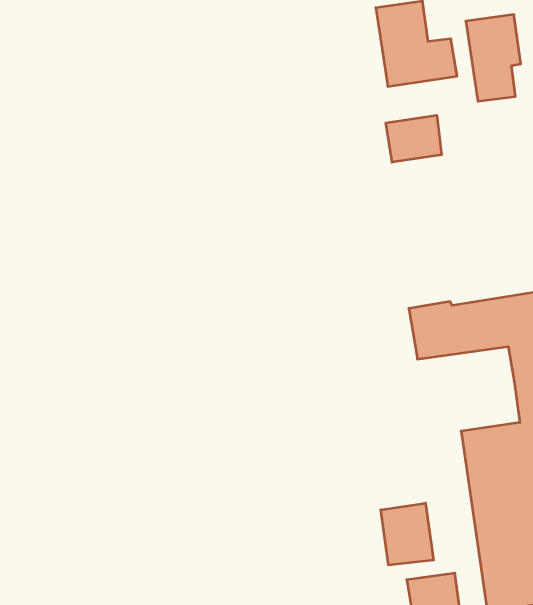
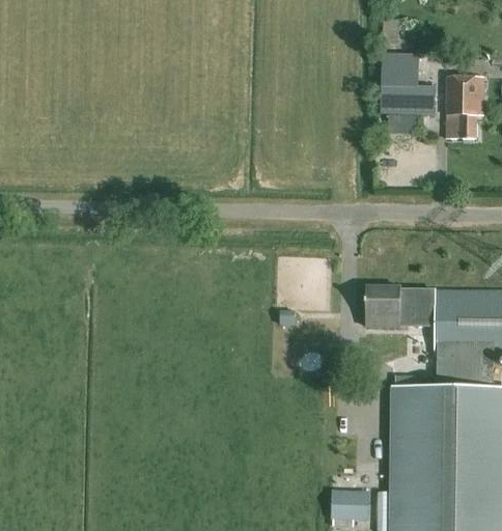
building: [386,115,442,162] -> none
building: [381,503,434,565] -> none

